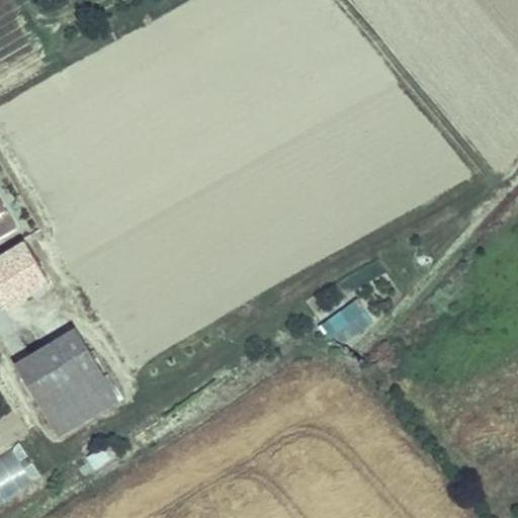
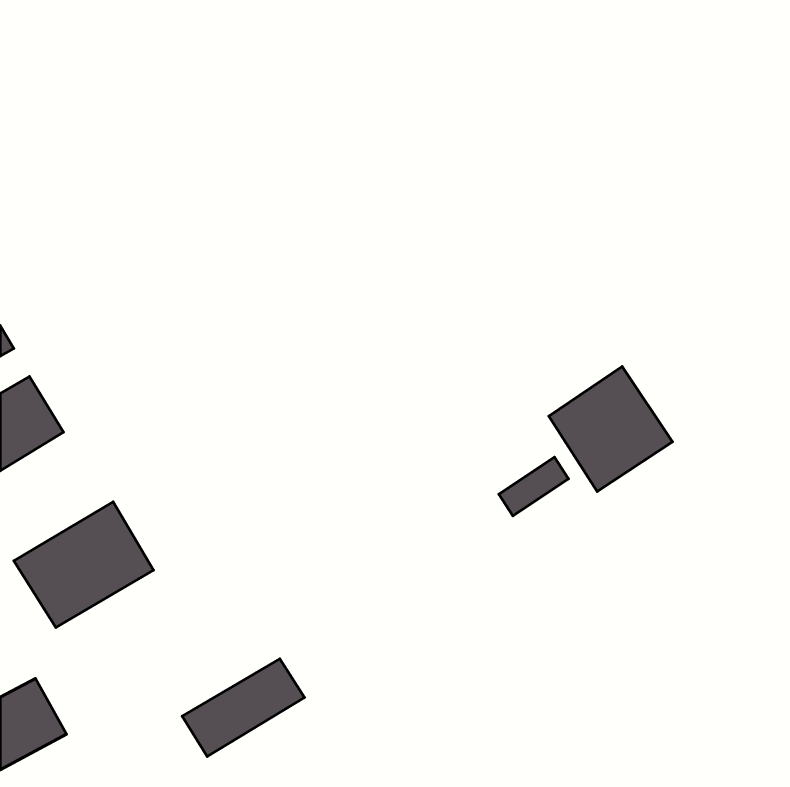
building: none -> [549,367,672,492]
building: [37,372,117,436] -> [182,659,305,757]

